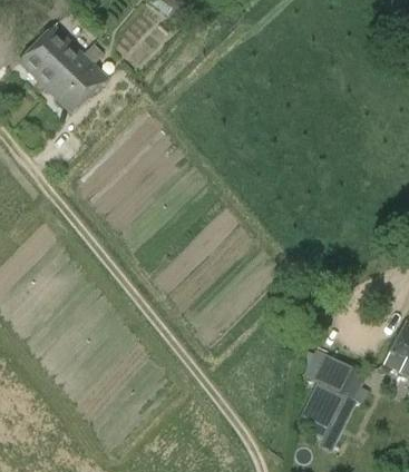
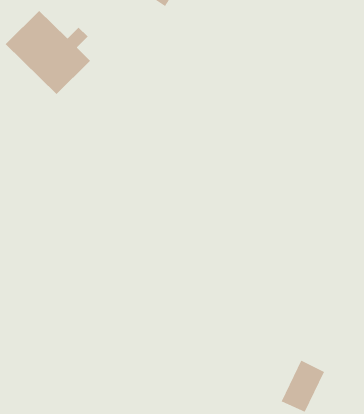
building: [304,350,370,403] -> none

